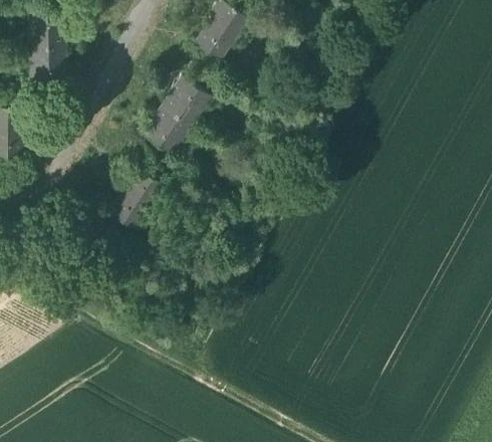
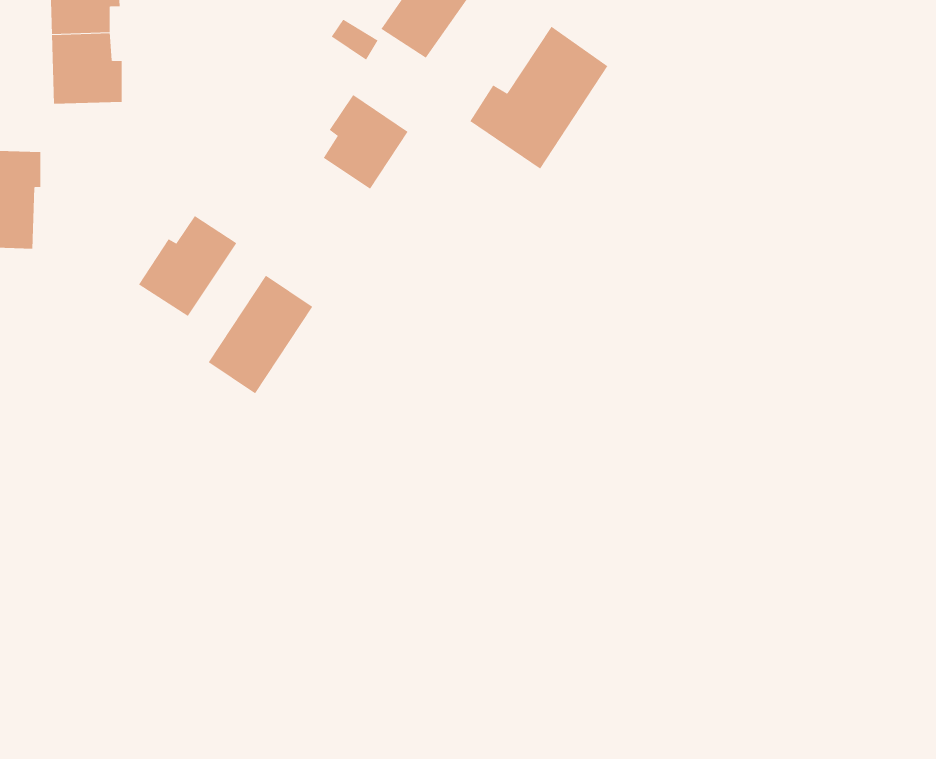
building: none -> [469,26,608,169]
building: [143,109,191,155] -> none
building: none -> [138,215,237,317]

